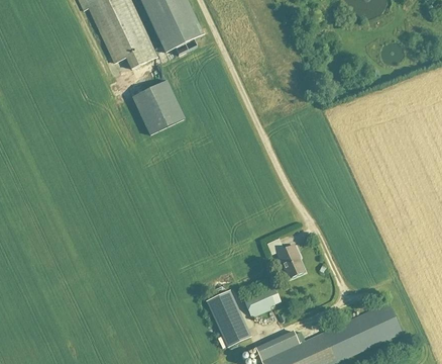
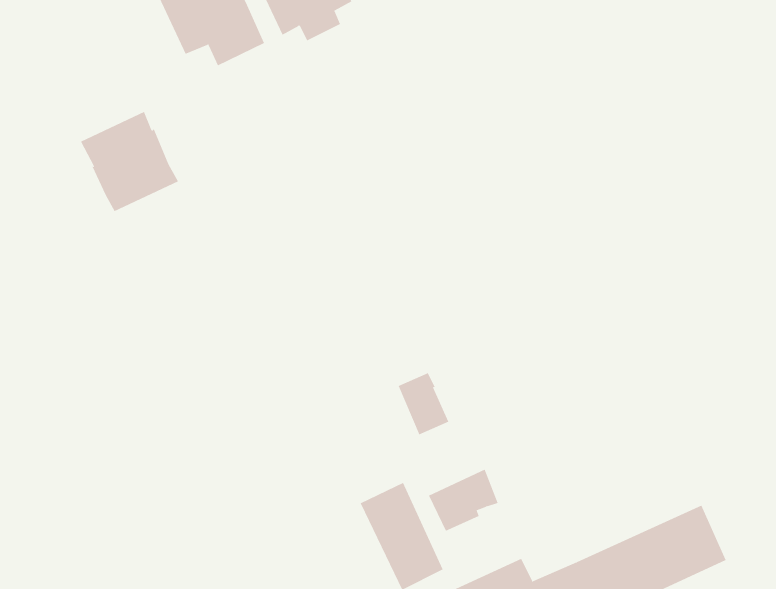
building: [132,80,185,133] -> [80,111,179,212]
building: [278,244,305,277] -> [398,372,449,435]

